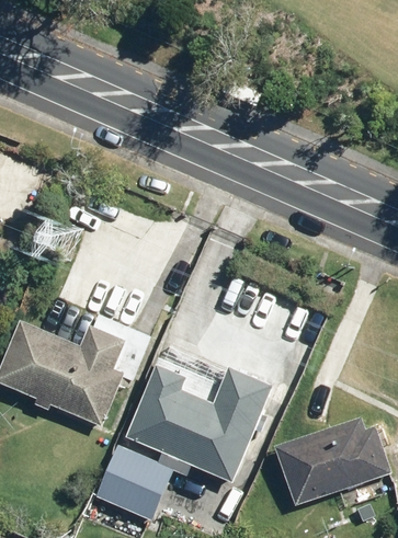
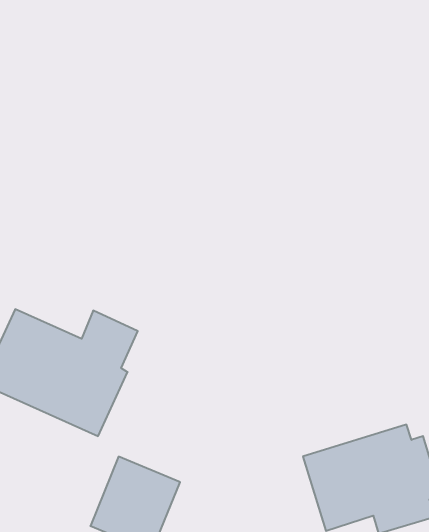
building: [125,359,272,484] -> none

